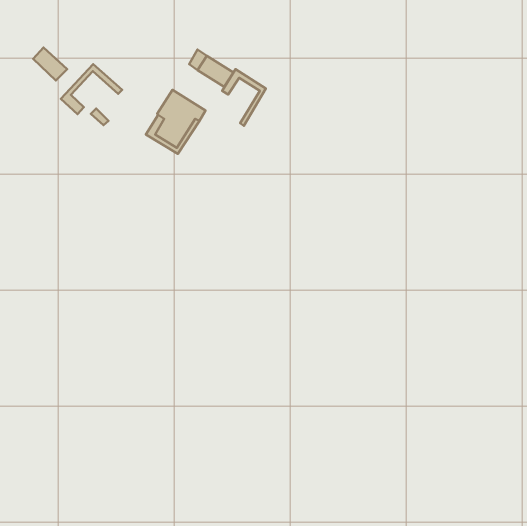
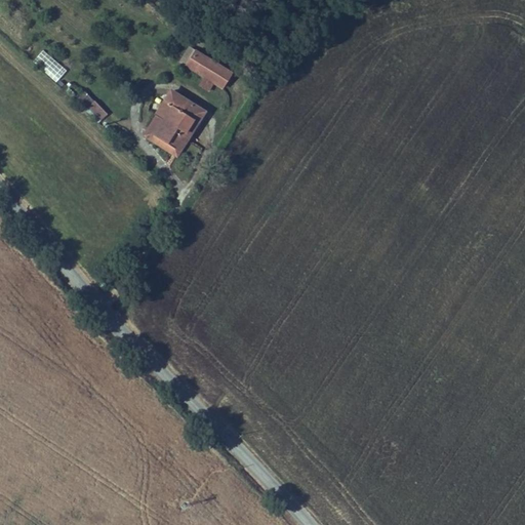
building: [61,64,122,114] -> none
building: [222,69,266,126] -> none

